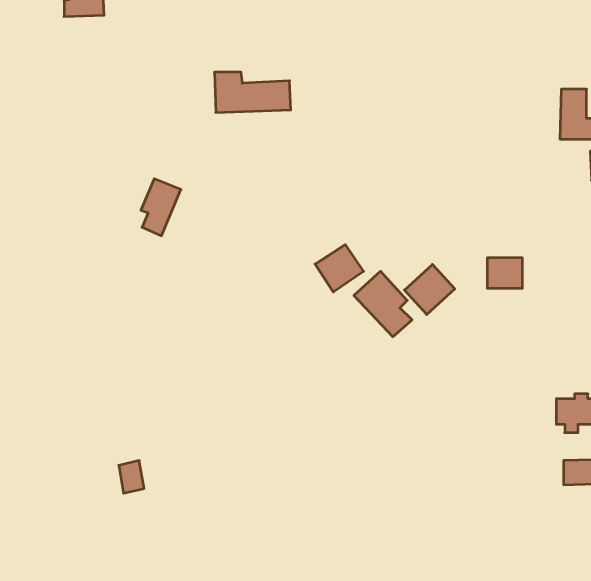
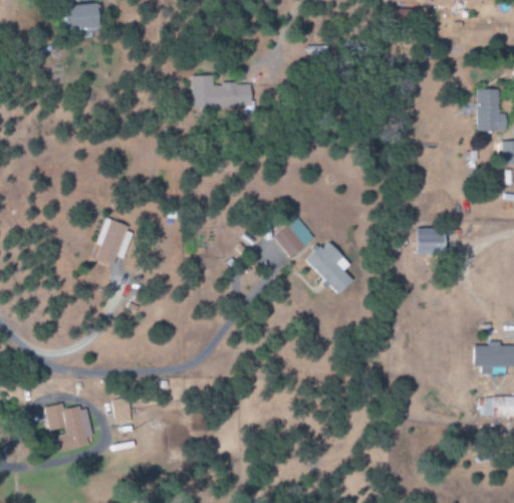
building: [141,179,181,236] -> [95,218,128,265]
building: [404,264,455,315] -> none
building: none -> [44,404,94,452]

